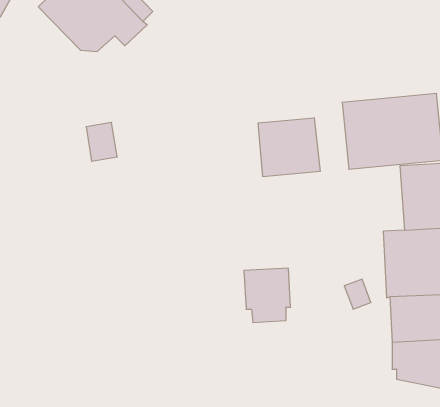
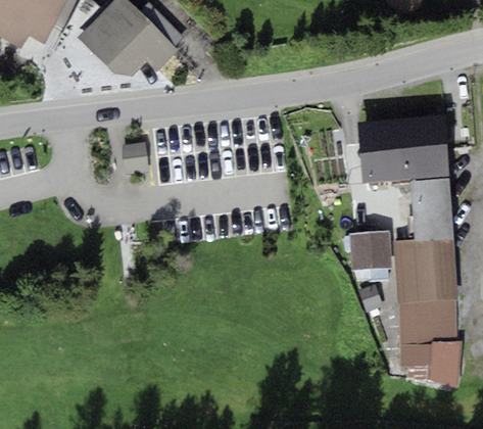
building: [258,118,320,177] -> none
building: [244,268,291,323] -> [348,231,391,281]

